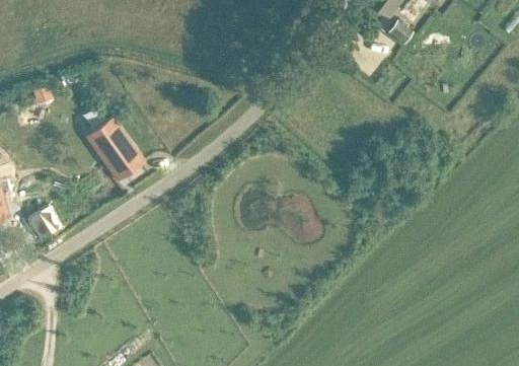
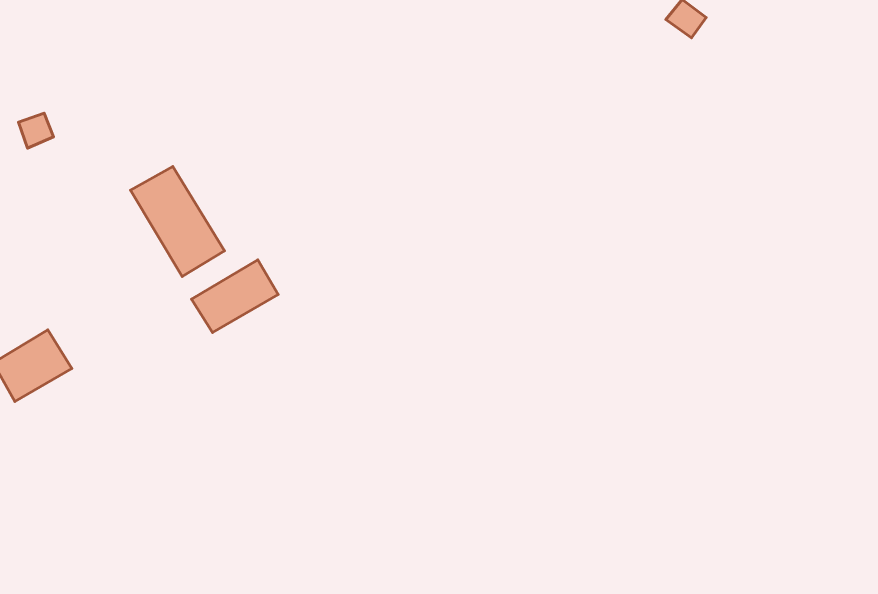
building: none -> [192,260,278,333]

